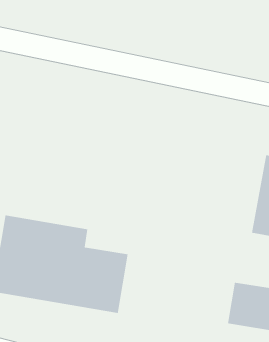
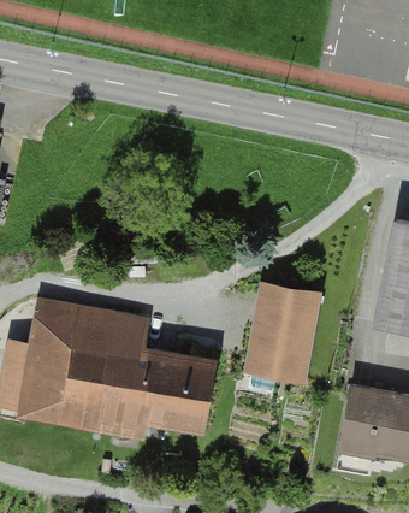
building: none -> [243,283,322,384]

